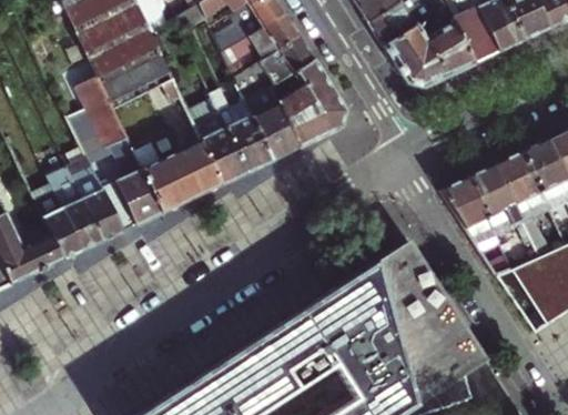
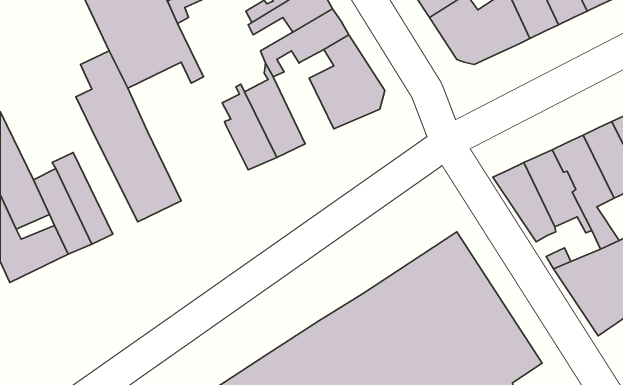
building: [246,87,301,160] -> none
building: [134,133,224,211] -> none
building: [68,156,125,241] -> none

